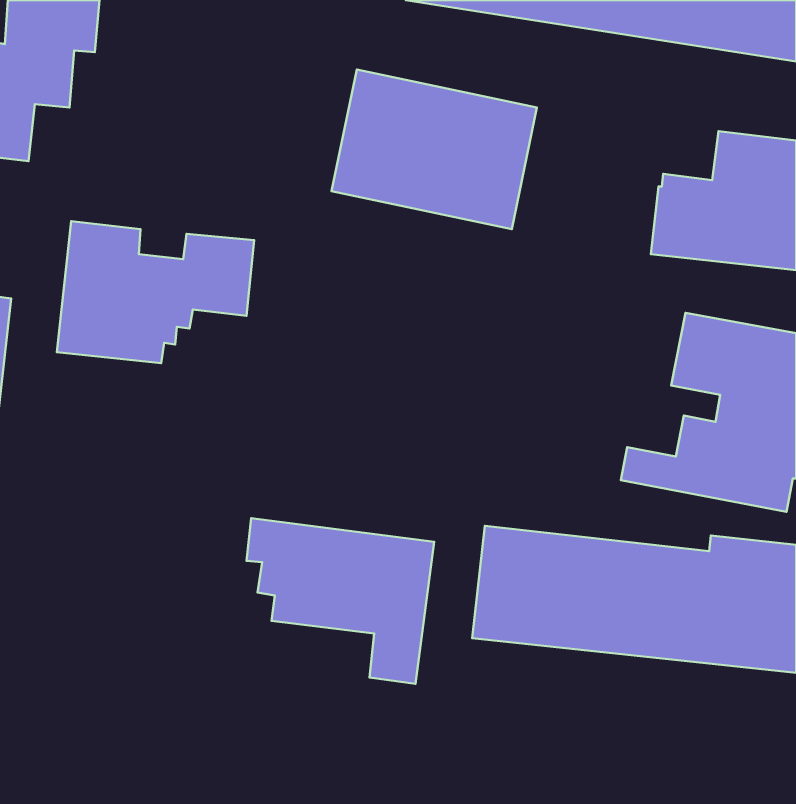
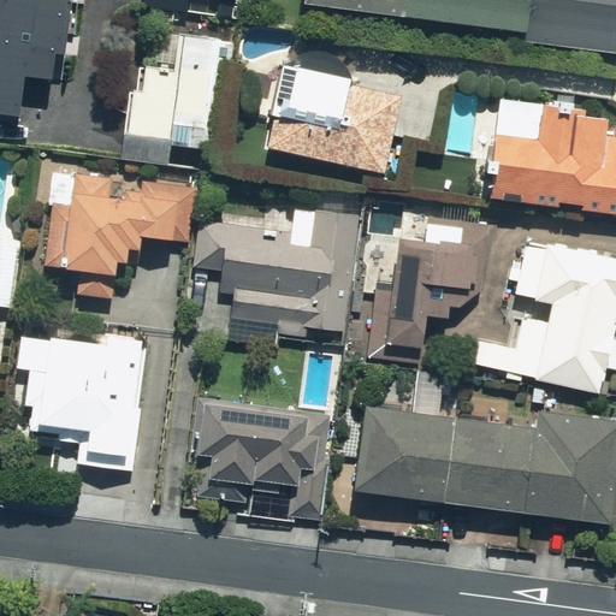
building: none -> [120,31,226,161]
building: none -> [190,209,356,330]
building: none -> [365,237,485,359]
building: none -> [22,339,142,460]

